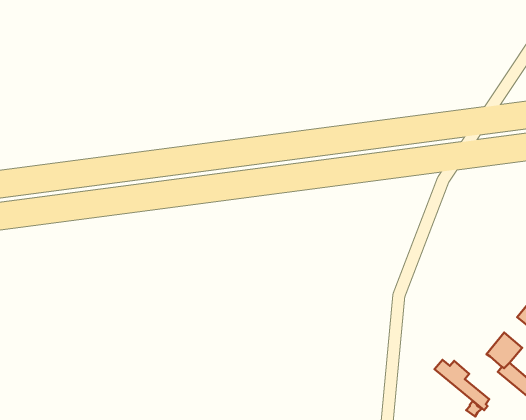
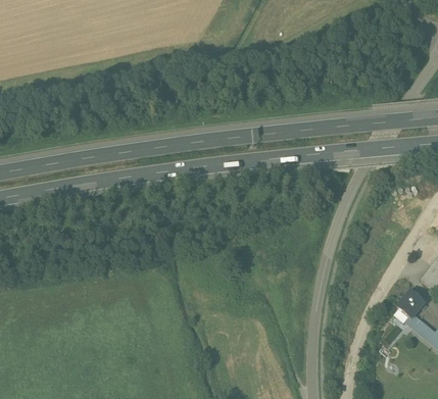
building: [435,360,489,410] -> none

